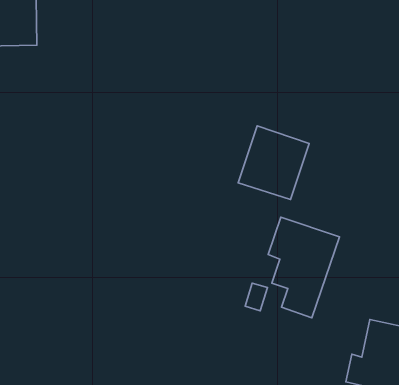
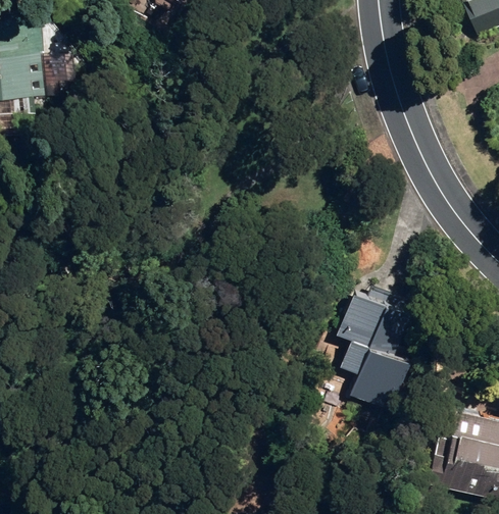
building: [238,126,309,200] -> none

